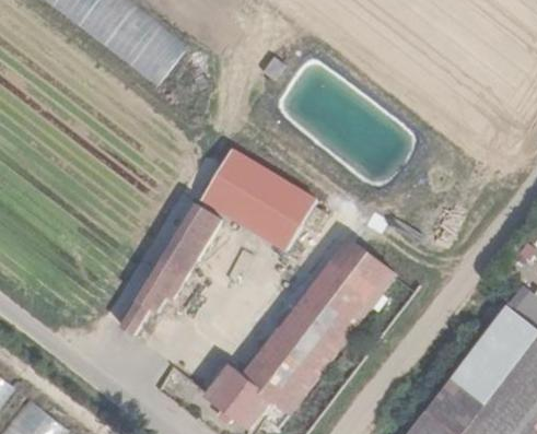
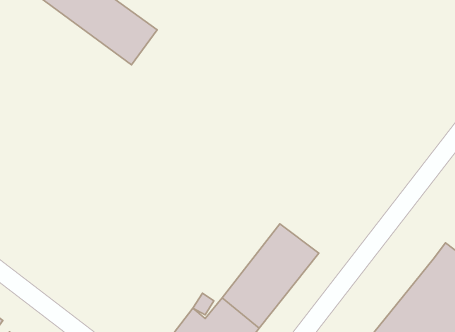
building: [194,149,311,249] -> none
building: [115,204,217,333] -> none
building: [330,237,398,302] -> none

